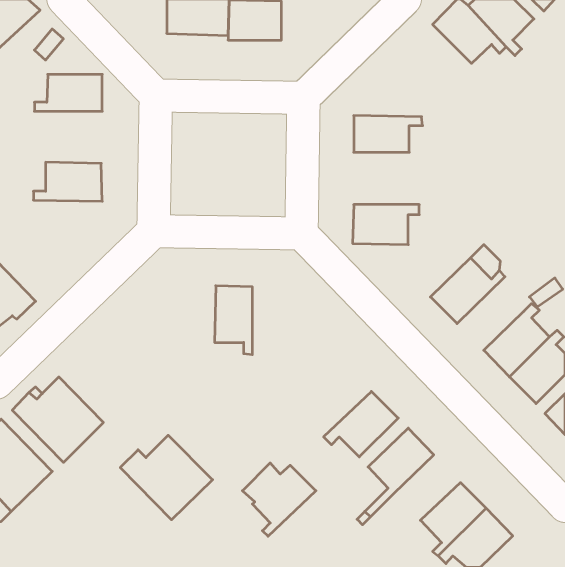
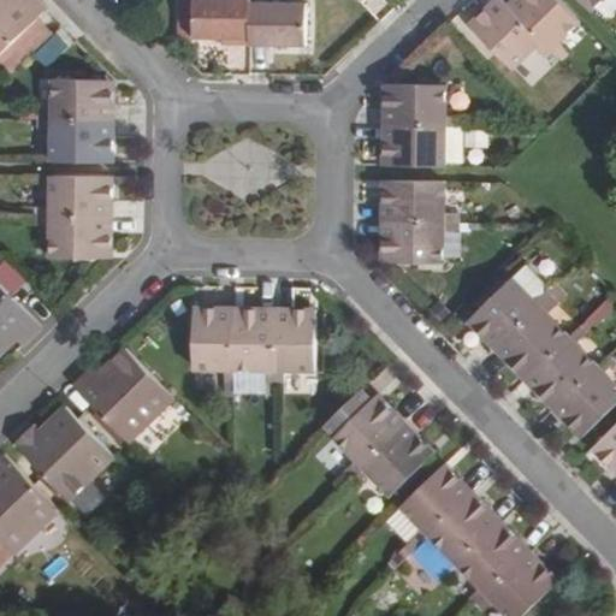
building: none -> [383,83,456,126]
building: none -> [37,120,111,161]
building: none -> [383,180,455,221]
building: none -> [36,217,111,257]
building: none -> [494,300,567,379]
building: none -> [192,308,233,383]
building: none -> [273,310,314,384]
building: [120,435,213,520] -> [72,350,172,442]
building: none -> [426,492,498,573]
building: [242,463,316,536] -> [322,393,402,473]

